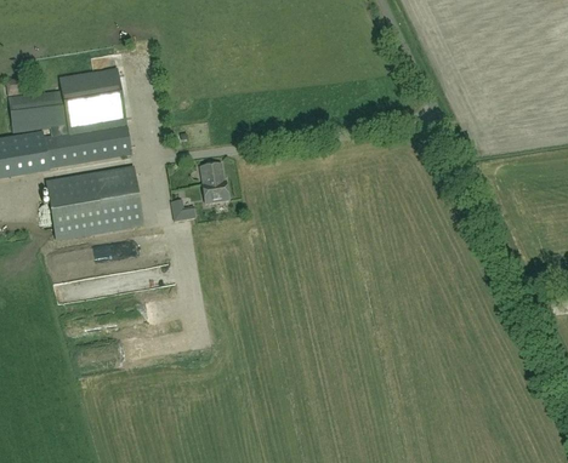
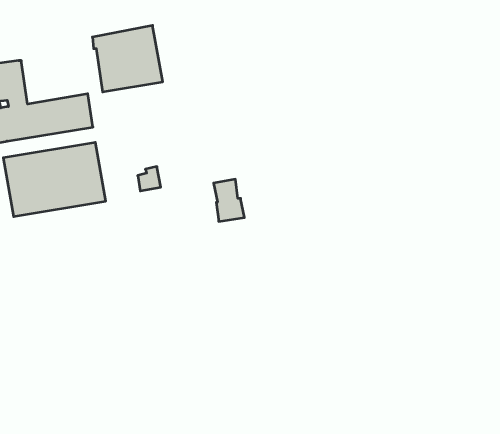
building: [59,68,126,131] -> [92,25,163,92]
building: [200,162,229,202] -> [214,179,244,221]

